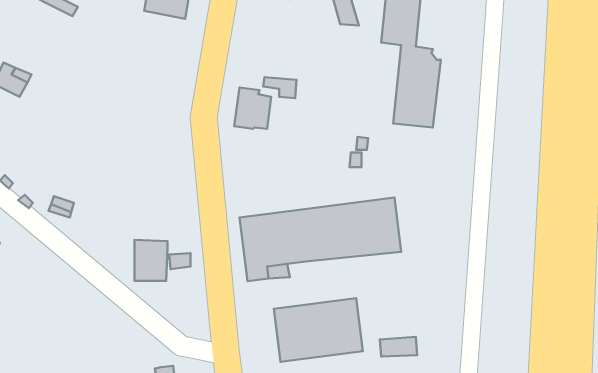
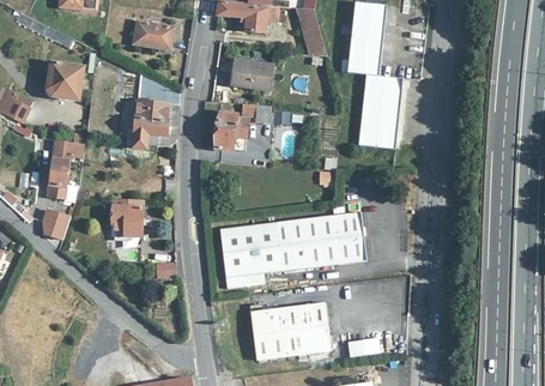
building: none -> [230,58,274,90]
building: none -> [48,62,83,98]
building: none -> [132,72,180,147]
building: none -> [48,139,84,201]
building: [134,240,168,281] -> [113,198,143,235]

